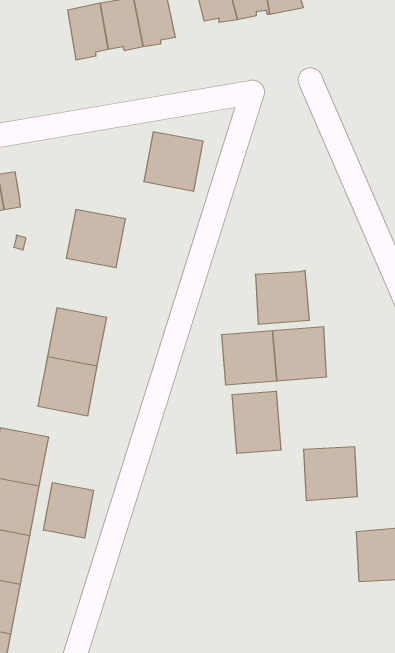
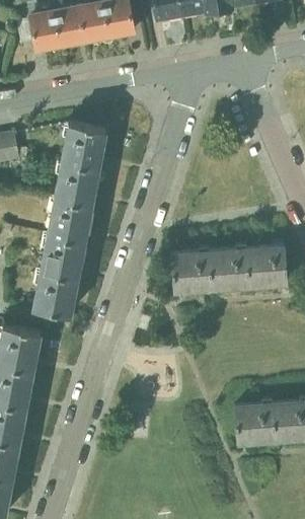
building: none -> [30,10,61,50]
building: [144,132,203,191] -> [61,123,105,167]
building: none -> [47,197,91,241]
building: [255,270,309,324] -> [247,245,288,286]
building: [232,391,281,454] -> none
building: [303,447,357,501] -> [233,402,274,443]
building: [44,483,93,538] -> none

